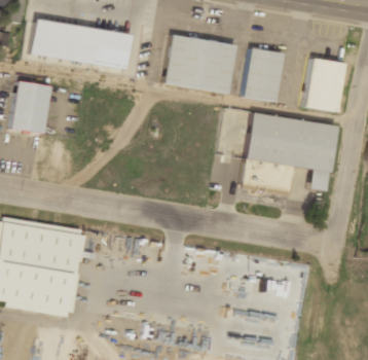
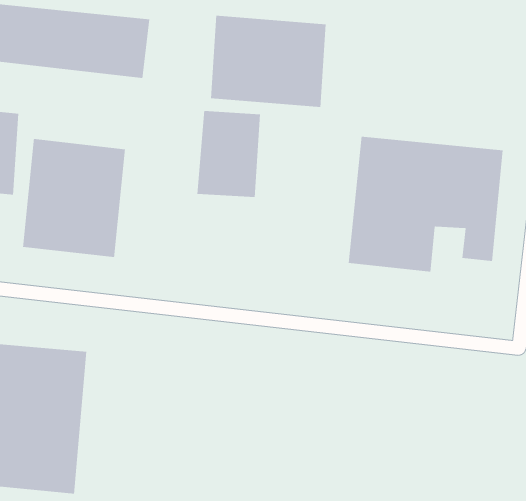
building: [243,47,284,101] -> [197,111,261,197]
building: [304,58,346,111] -> none
building: none -> [22,138,126,258]

